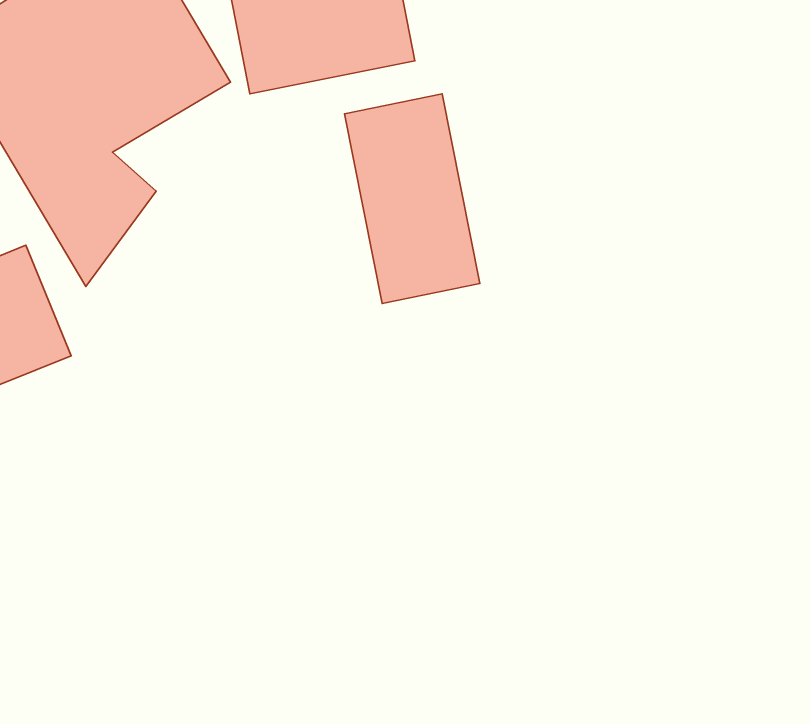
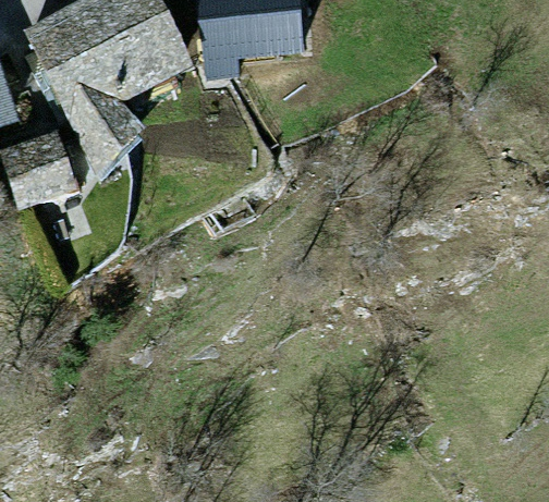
building: [344,94,480,304] -> none

